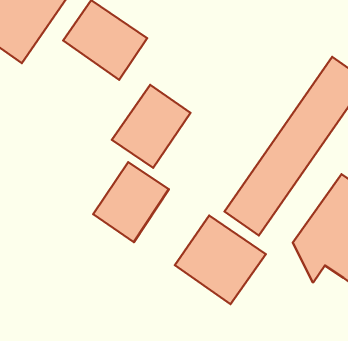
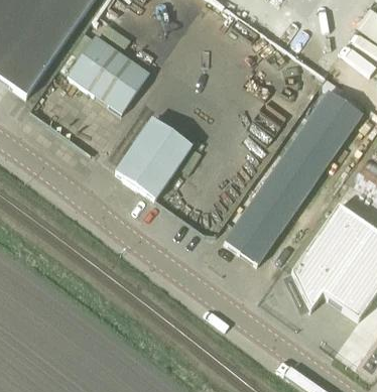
building: [93,162,169,242] -> none
building: [175,216,266,304] -> none

